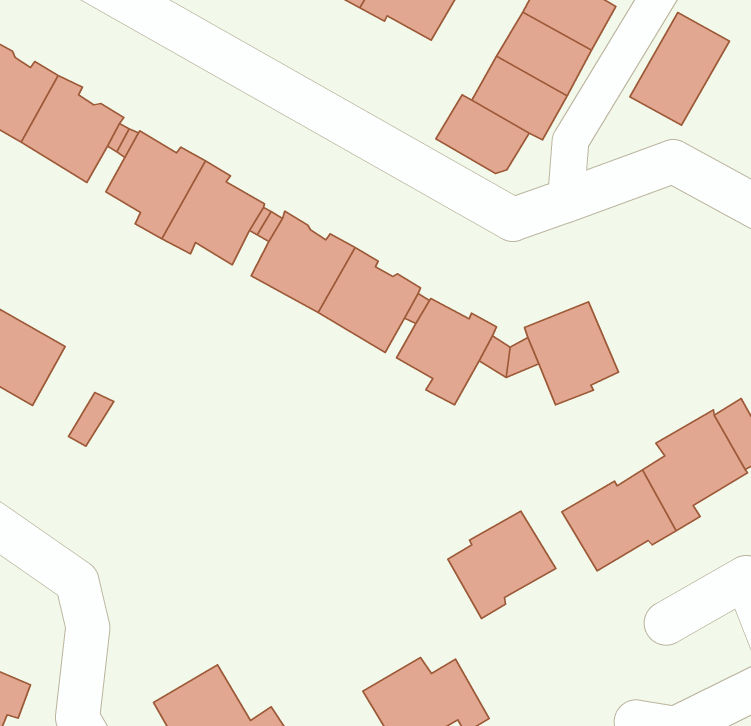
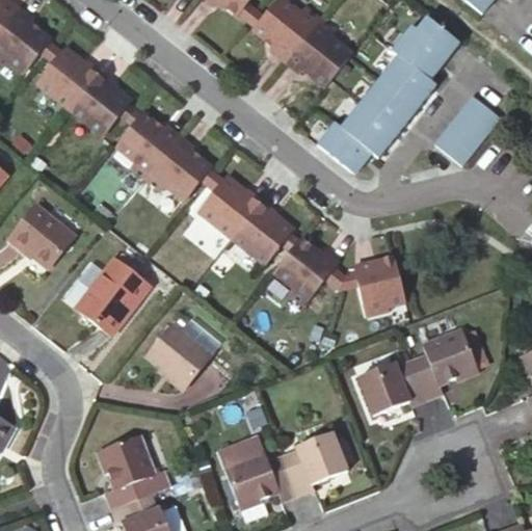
building: none -> [78,259,152,335]
building: none -> [147,324,211,388]
building: [448,511,556,619] -> [281,434,344,495]

